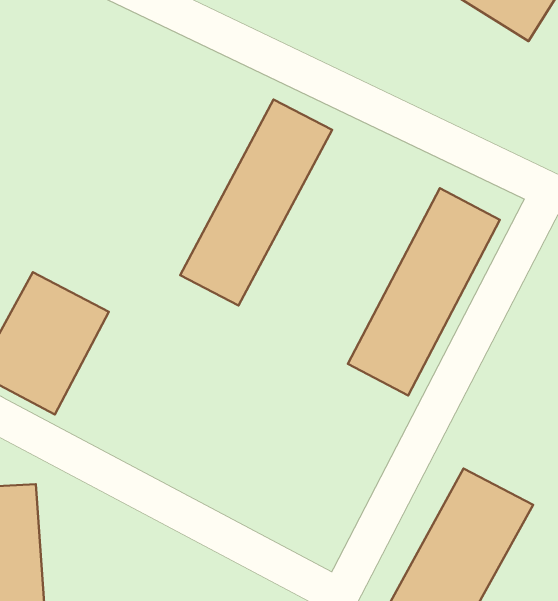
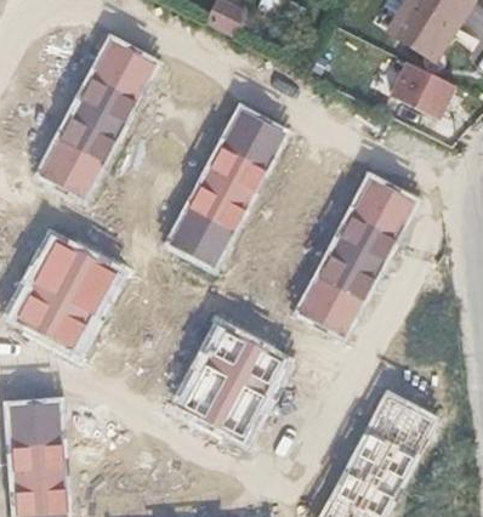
building: none -> [39,40,155,198]
building: none -> [391,62,454,118]
building: none -> [184,328,284,436]

